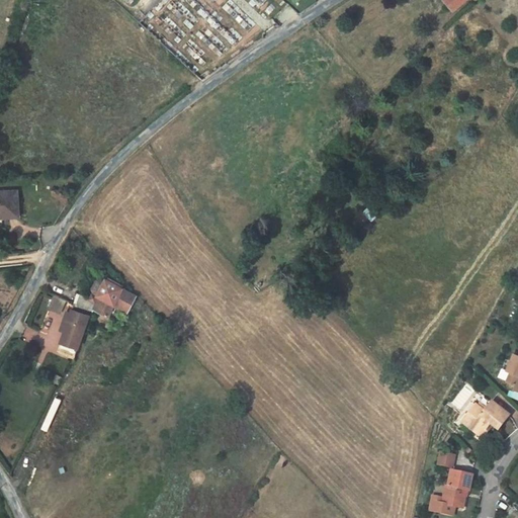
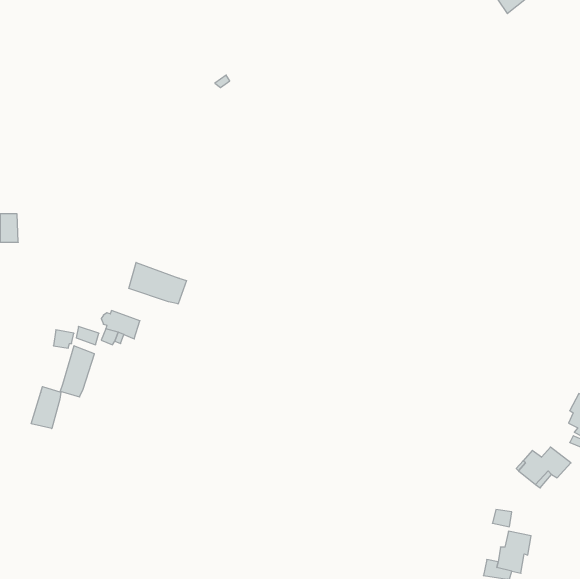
building: none -> [129,262,187,304]
building: none -> [31,387,61,429]

